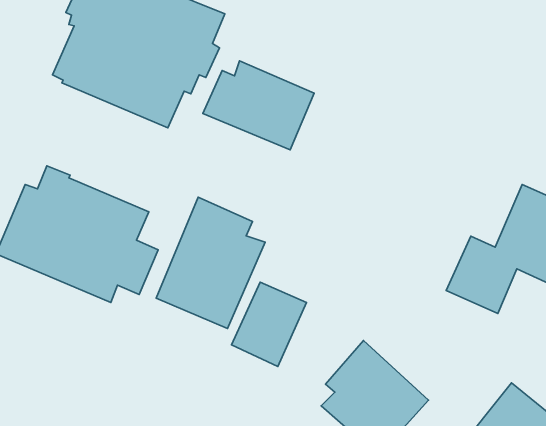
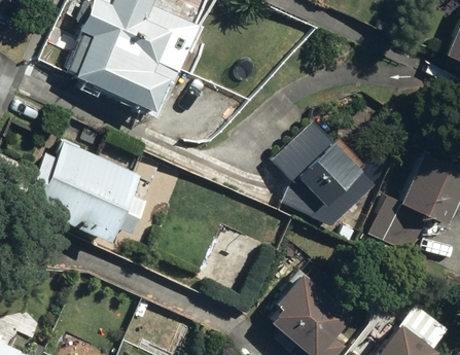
building: [203,61,314,150] -> none
building: none -> [273,121,376,228]
building: [156,197,265,328] -> none

